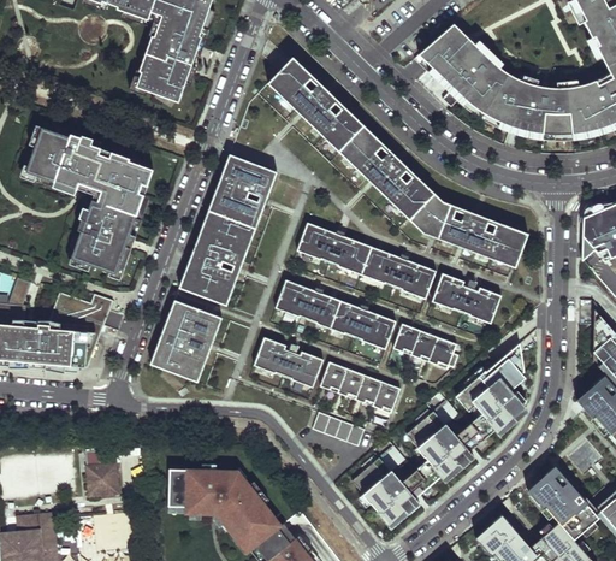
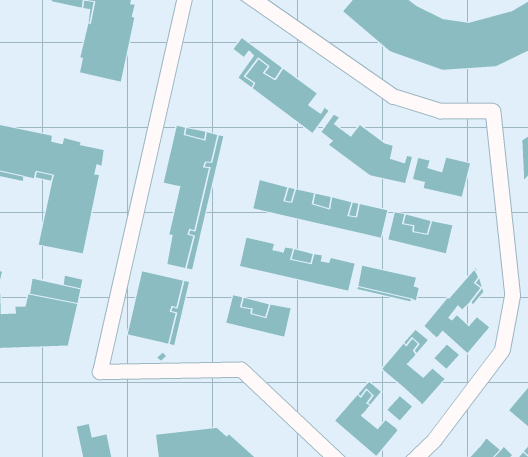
building: [268,57,319,113] -> none
building: [369,141,419,195] -> none
building: [446,205,503,253] -> none
building: [179,212,225,296] -> none
building: [320,361,401,411] -> none
building: [436,403,497,450] -> none
building: [313,412,365,445] -> none
building: [381,457,443,497] -> none

